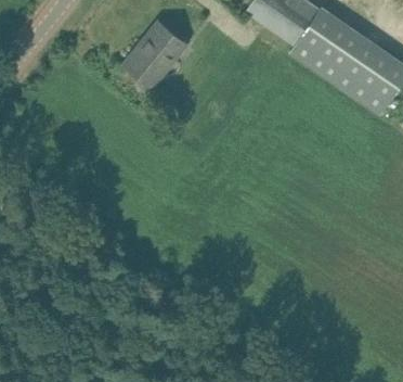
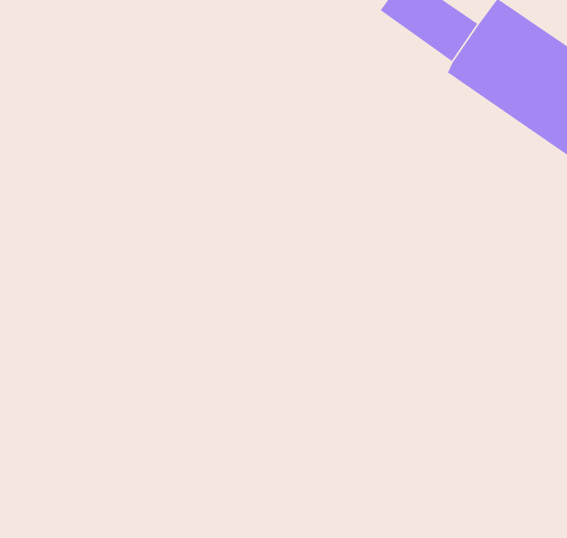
building: [126,24,186,87] -> none

